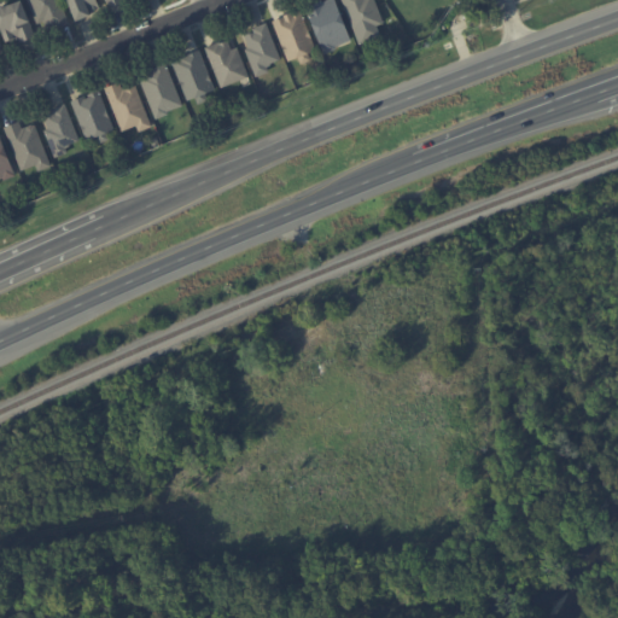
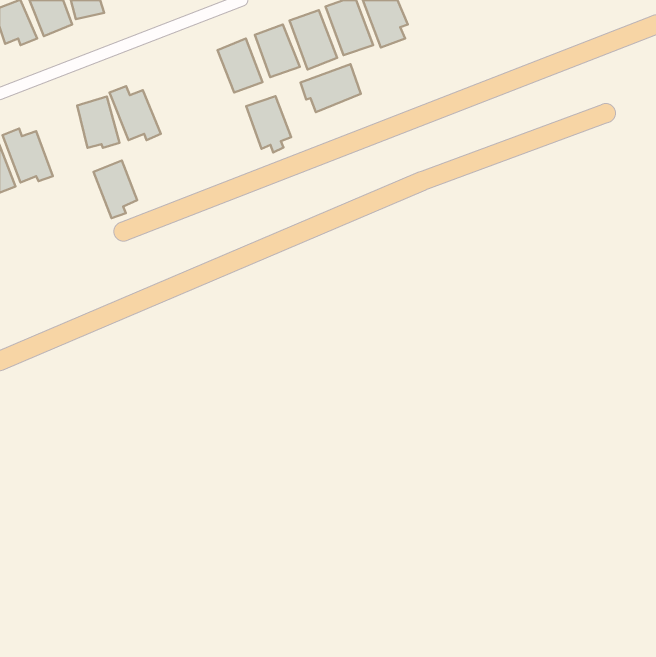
building: [171,51,214,104] -> [246,96,291,153]
building: none -> [301,64,361,112]
building: [138,64,181,117] -> none
building: [37,103,78,157] -> [94,160,137,218]

